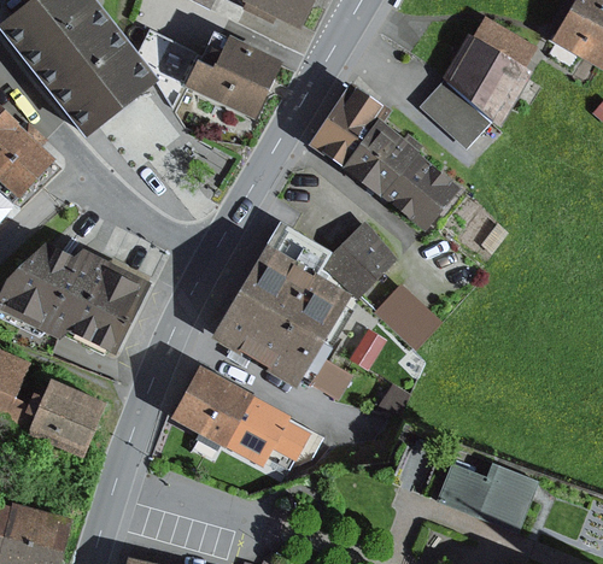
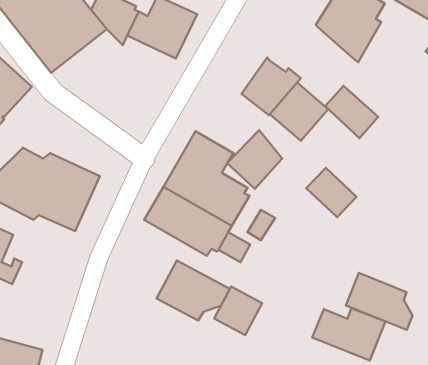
building: [420,77,492,148] -> [325,86,378,138]
building: [306,82,391,169] -> none
building: [374,281,443,348] -> [306,168,357,217]
building: [170,366,253,447] -> none
building: [29,378,106,453] -> none
building: none -> [346,273,413,330]
building: none -> [214,286,262,335]

